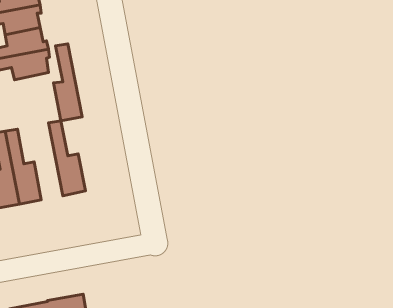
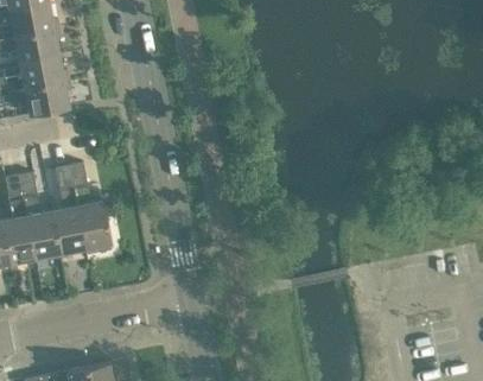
building: [54,44,82,121] -> [52,165,85,254]

